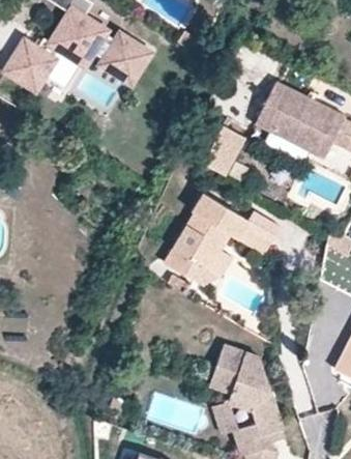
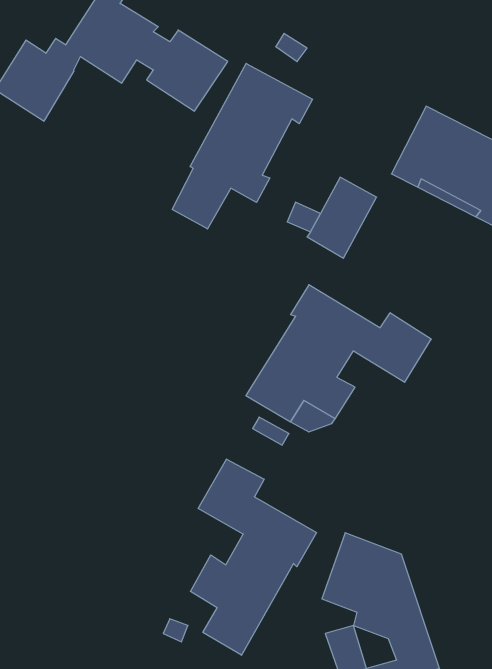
building: none -> [172,63,313,229]
building: none -> [190,459,317,655]

